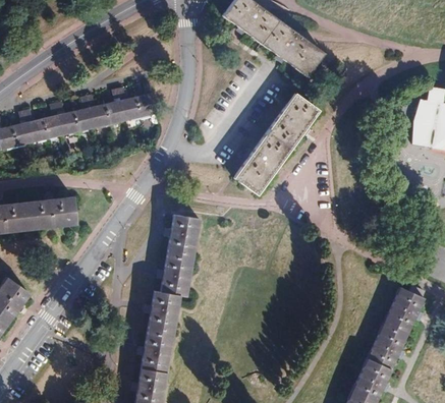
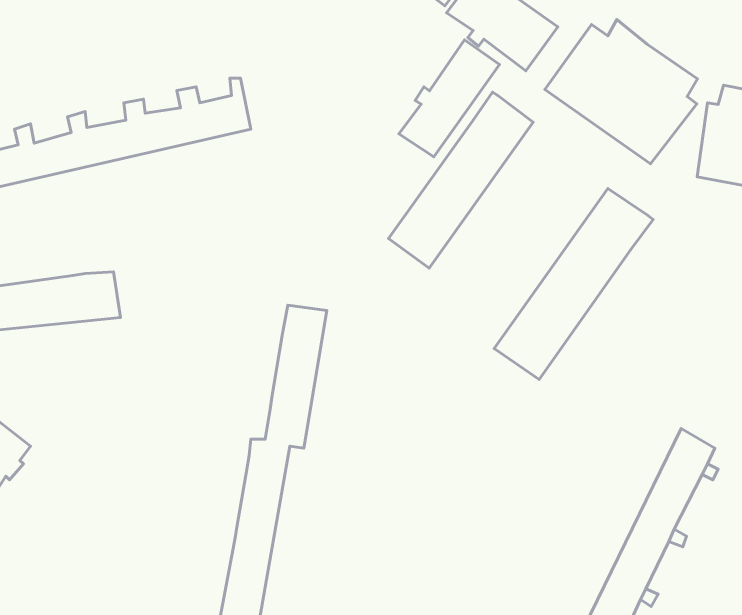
building: none -> [545,19,697,164]
building: none -> [399,40,500,157]
building: none -> [494,189,653,379]

